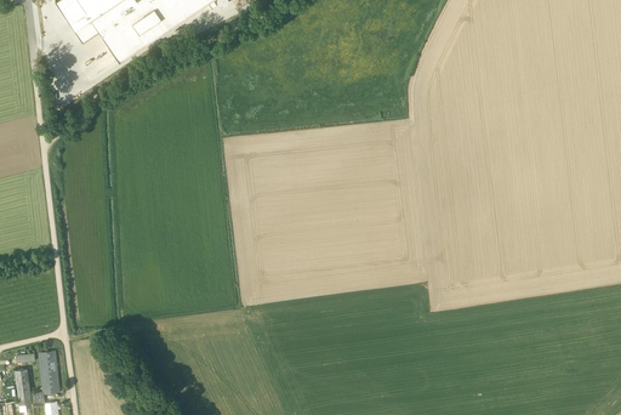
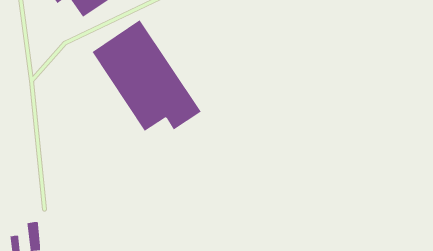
building: none -> [91,19,202,132]

